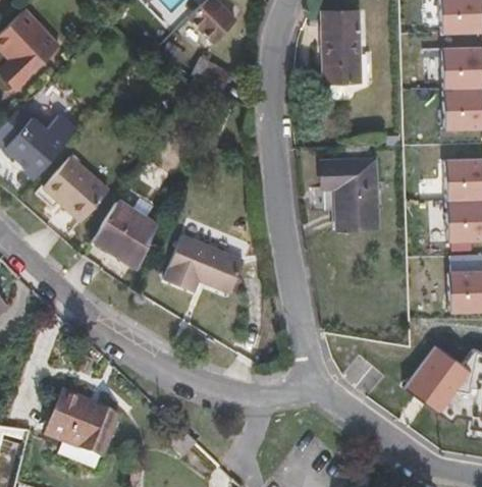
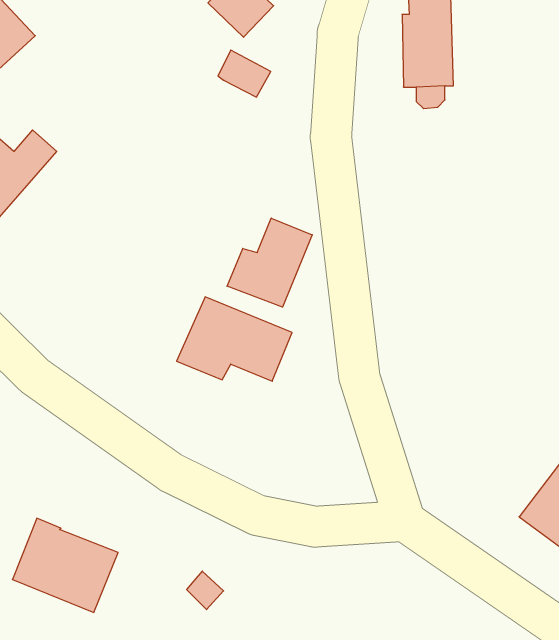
building: [43,156,109,218] -> none
building: [321,160,377,229] -> none
building: none -> [227,218,312,307]
building: [92,200,156,265] -> none

